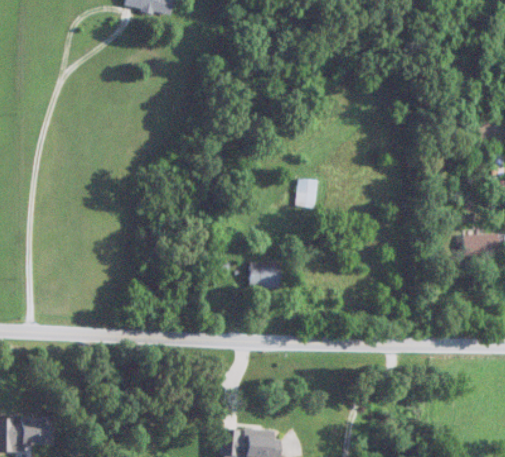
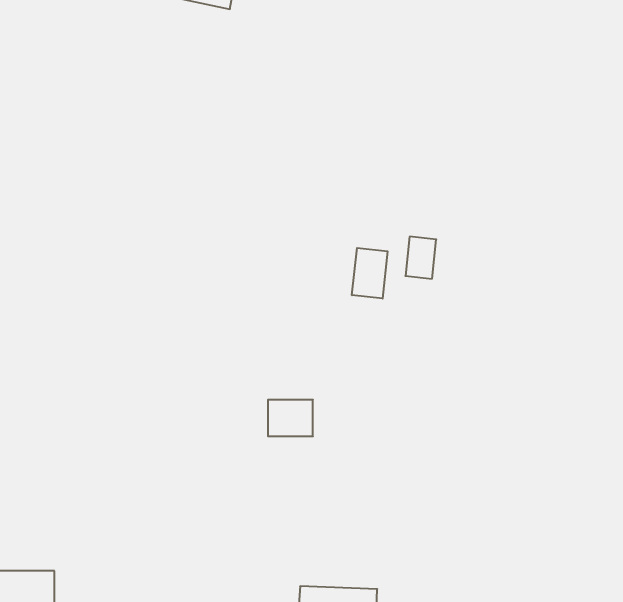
building: none -> [352,248,388,299]
building: [250,262,282,288] -> [268,400,313,436]

